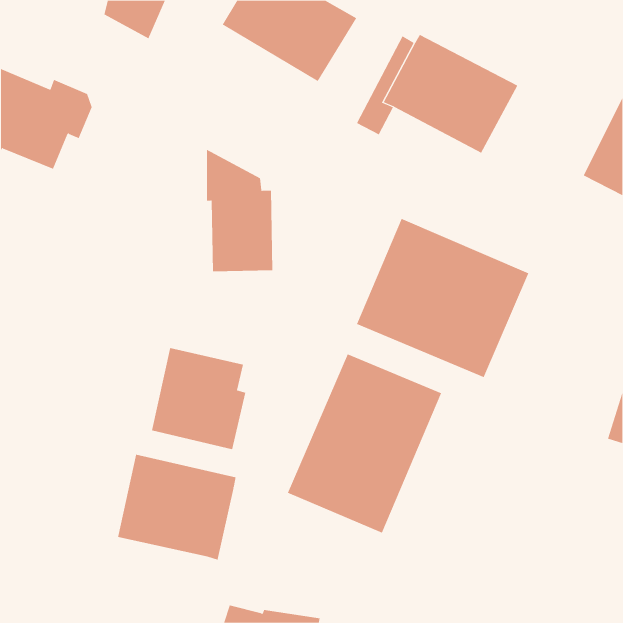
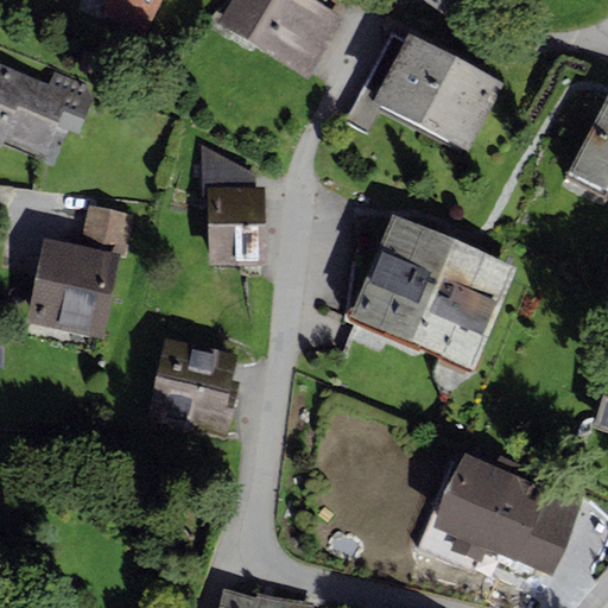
building: none -> [27,205,132,337]
building: [287,353,442,534] -> none
building: [118,454,236,560] -> none
building: none -> [432,450,583,575]

